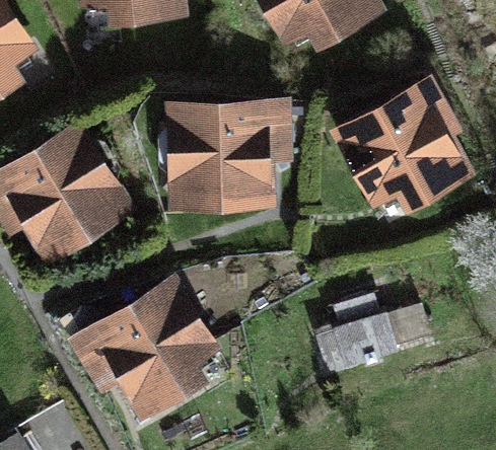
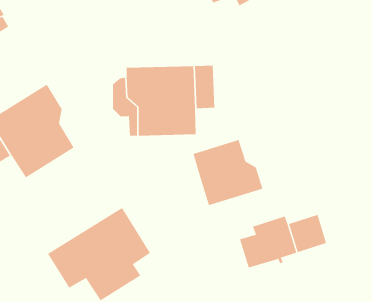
building: [346,92,464,198] -> none
building: none -> [193,139,263,206]

